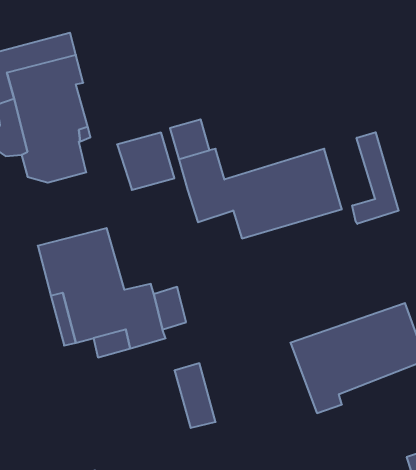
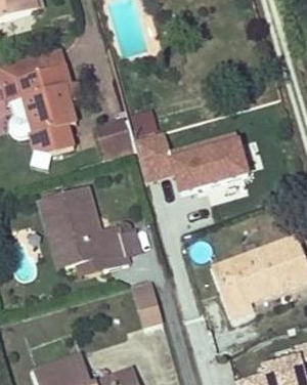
building: [352,132,399,224] -> none

